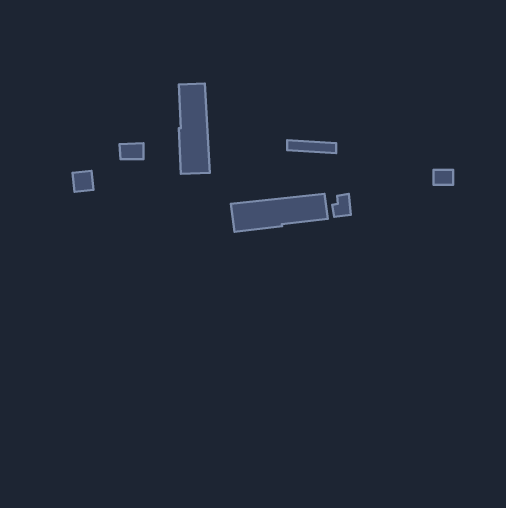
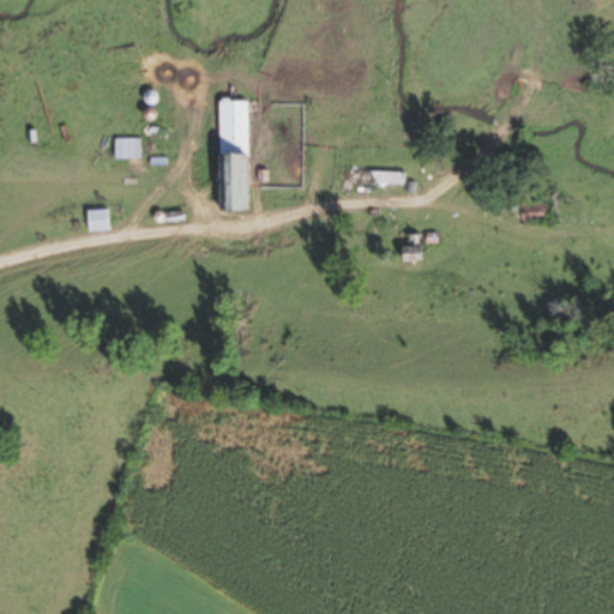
building: [120,143,143,159] -> [114,138,143,157]
building: [231,194,328,232] -> none

